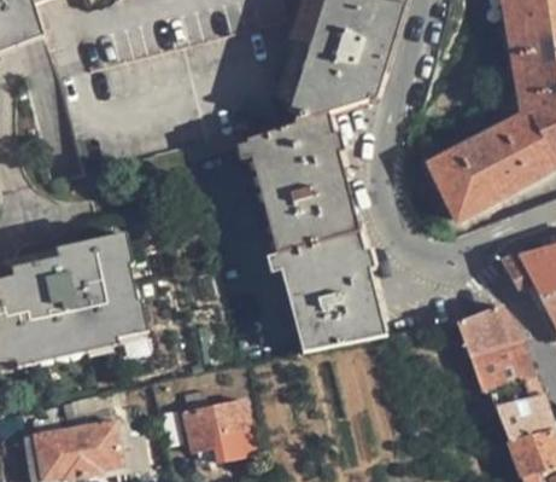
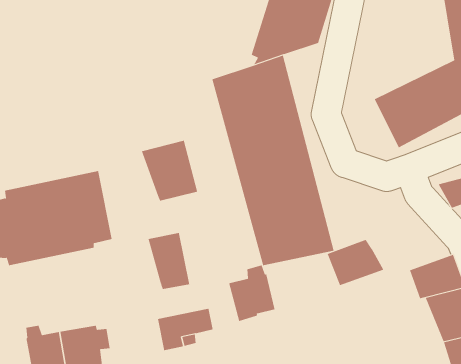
building: none -> [141,140,198,202]
building: [456,304,521,358] -> [327,239,384,286]
building: none -> [148,232,190,290]
building: none -> [229,265,275,322]

